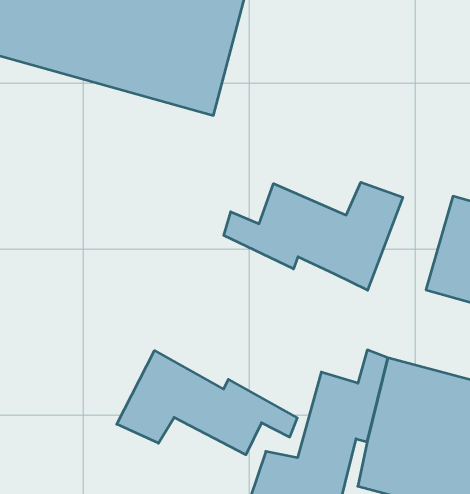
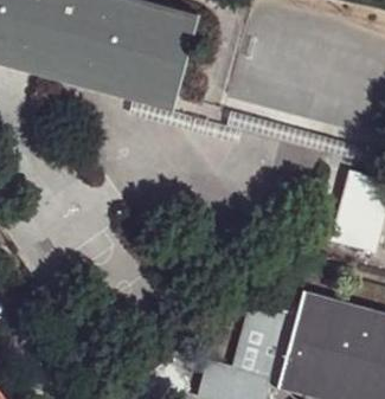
building: [224,182,403,290] -> none
building: [117,351,297,455] -> none

